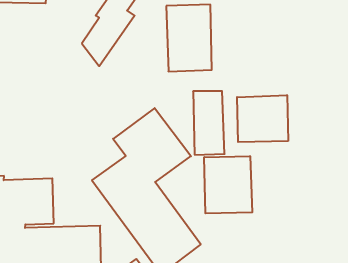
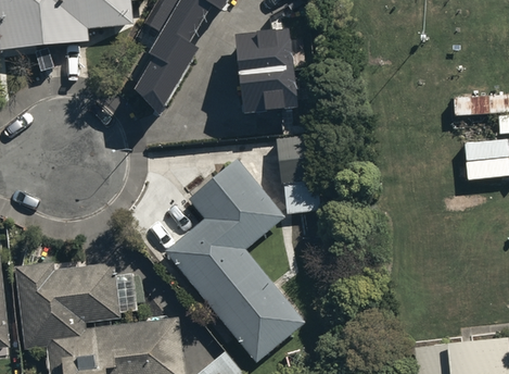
building: [237,95,288,142] -> none
building: [204,156,252,213] -> none

